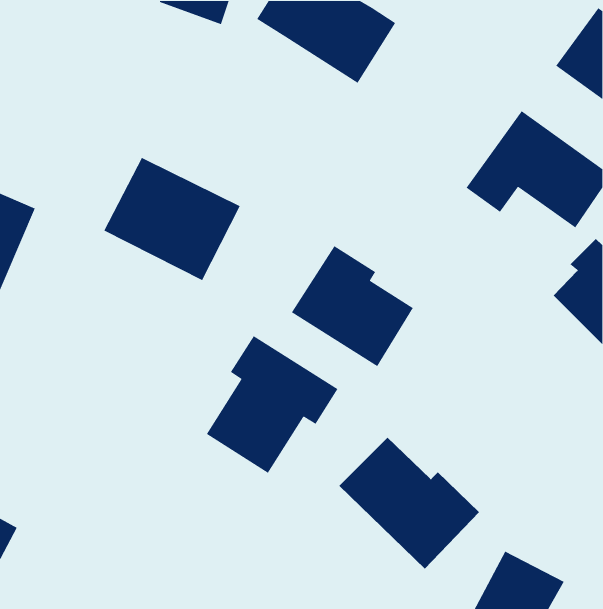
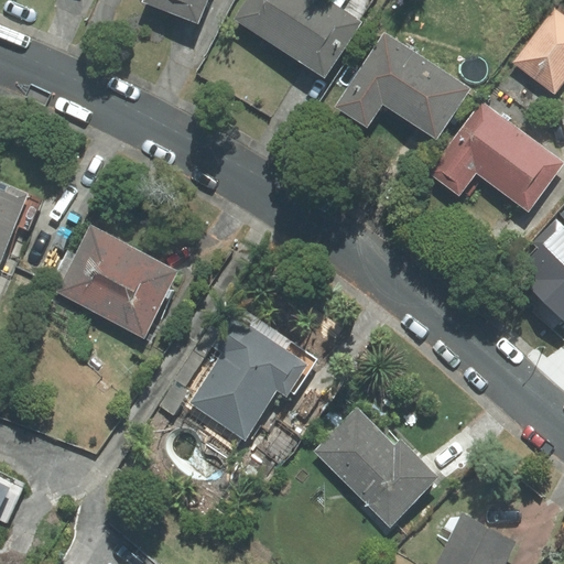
building: none -> [338,34,474,141]
building: [103,157,241,281] -> [56,226,183,340]
building: [291,245,414,367] -> none

